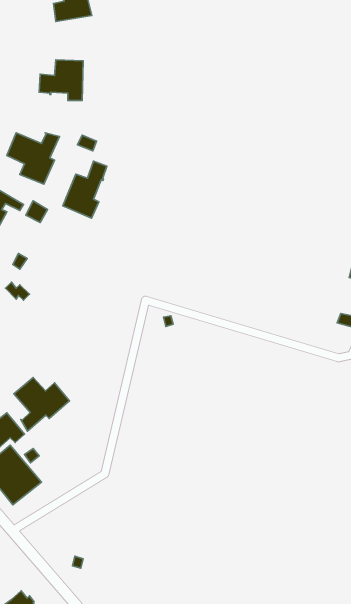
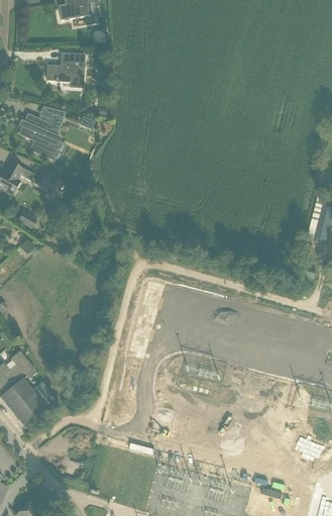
building: [63,161,107,218] -> none
building: [14,378,69,431] -> none

